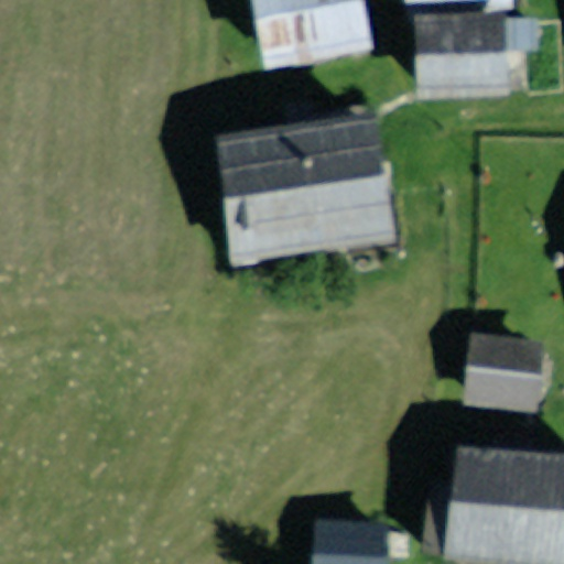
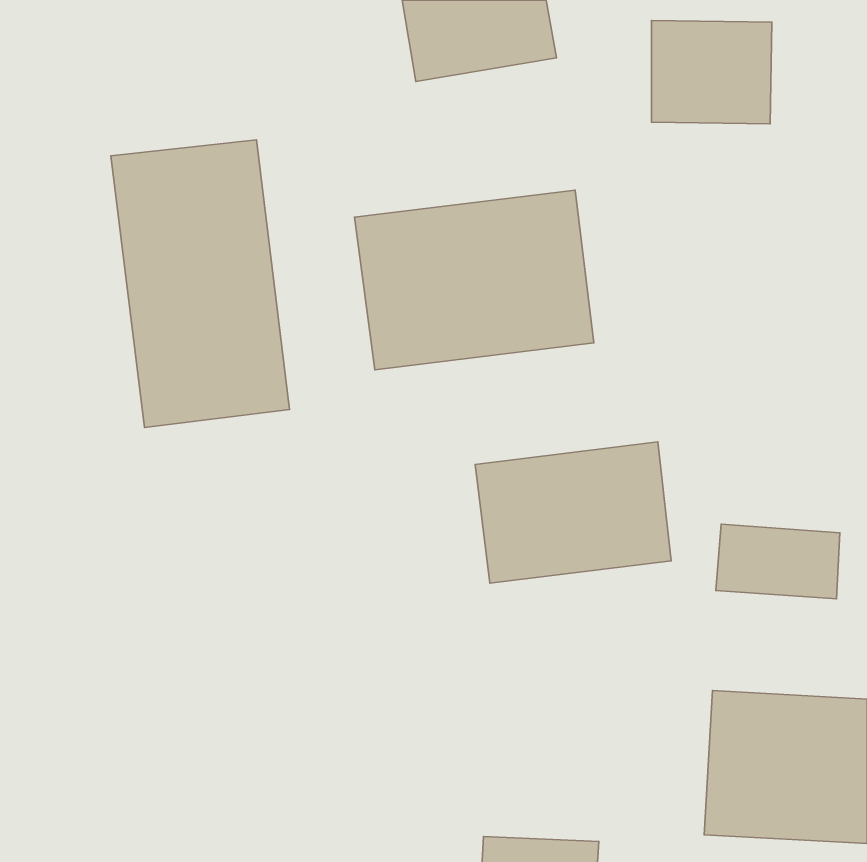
building: none -> [111,140,290,428]
building: none -> [475,442,671,583]

